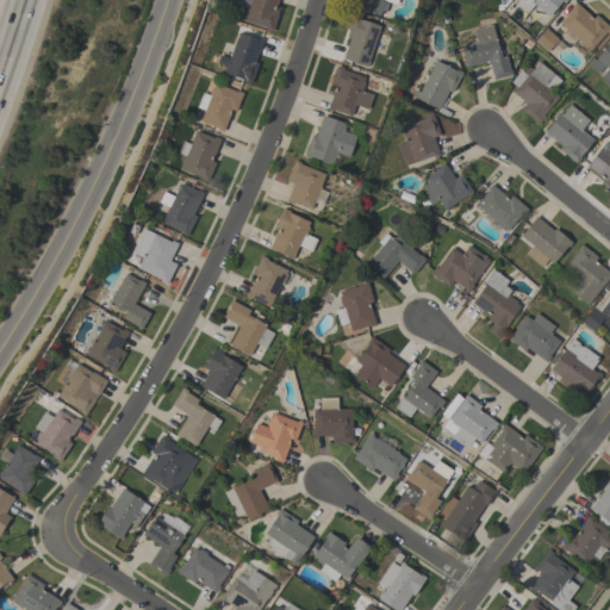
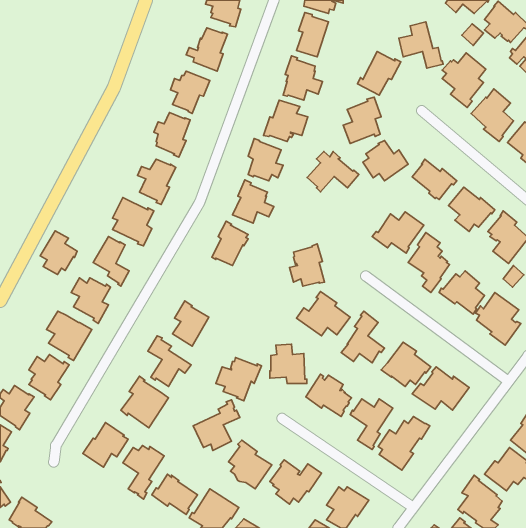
building: [368,232,428,279] -> [307,152,359,192]
building: none -> [40,231,77,275]
building: [223,297,275,355] -> none

